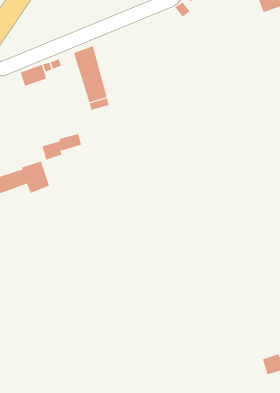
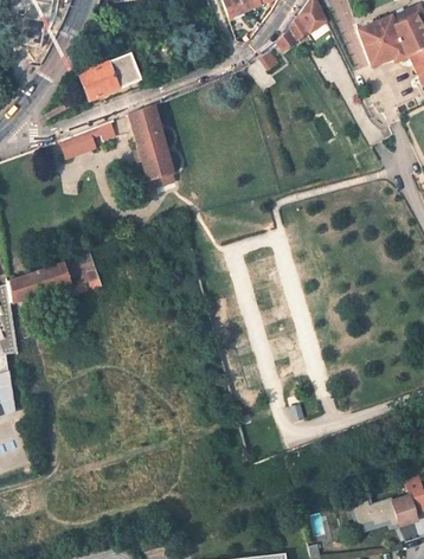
building: none -> [78,53,140,101]
building: [42,133,82,161] -> none

